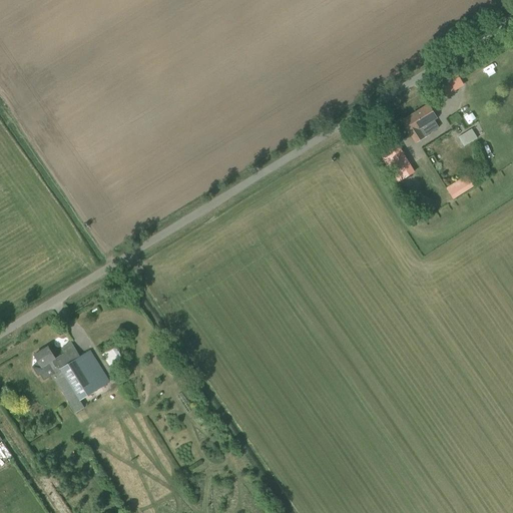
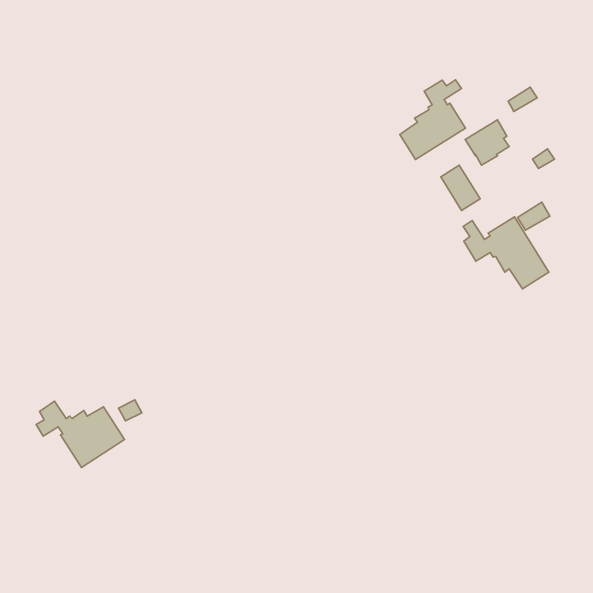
building: none -> [400,80,466,159]
building: none -> [463,217,549,289]

